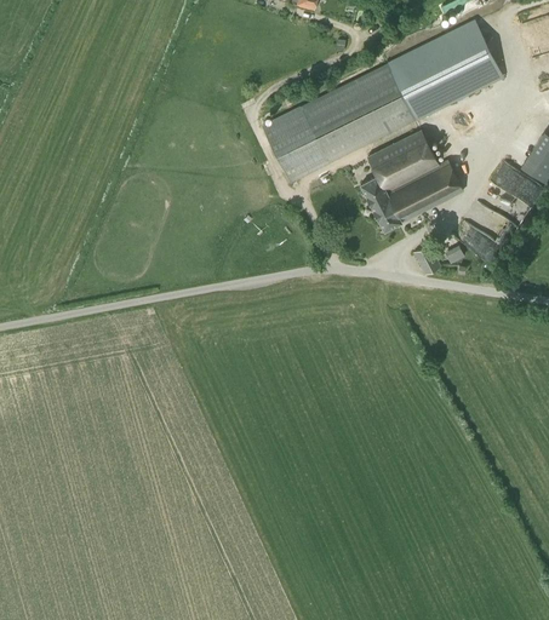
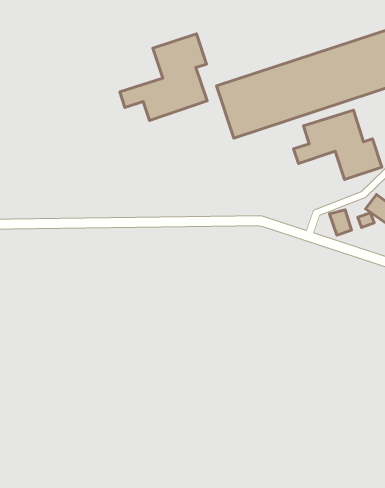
building: none -> [120,34,207,120]
building: [368,179,423,230] -> none

